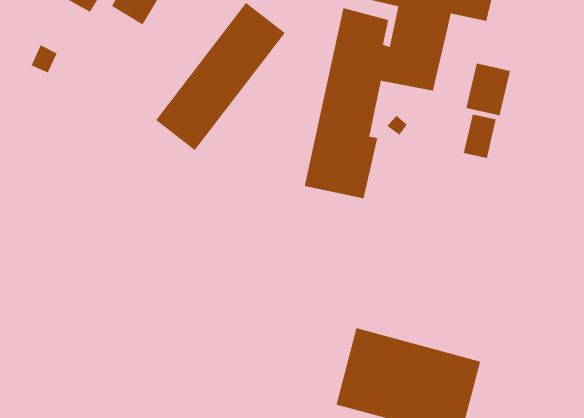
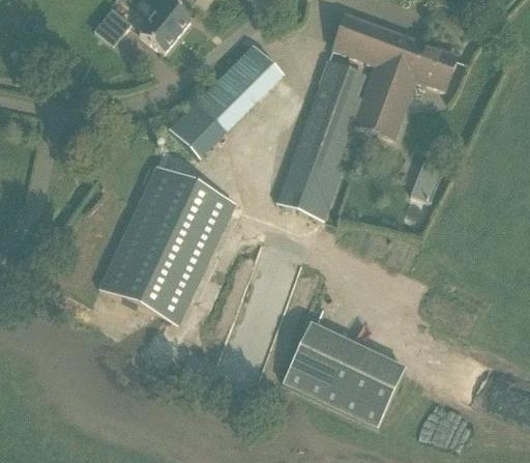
building: [465,63,511,116] -> none
building: none -> [101,166,237,323]

